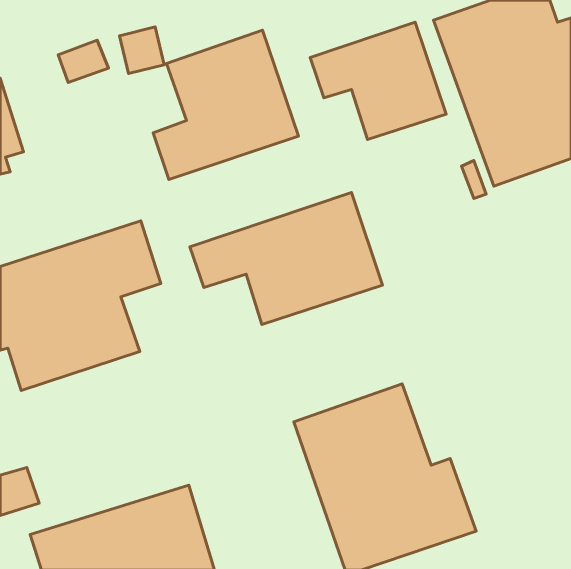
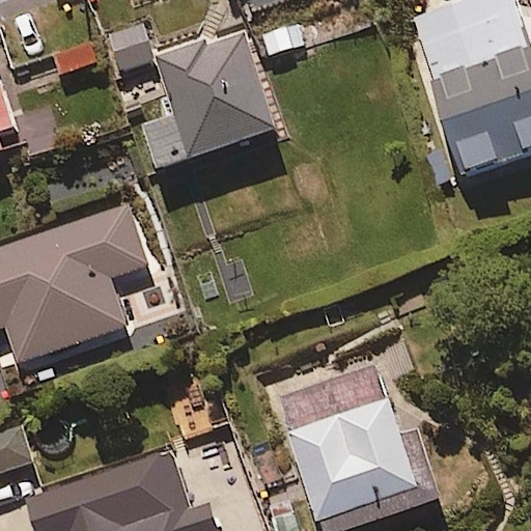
building: [310,22,446,139] -> none
building: [190,192,383,325] -> none

